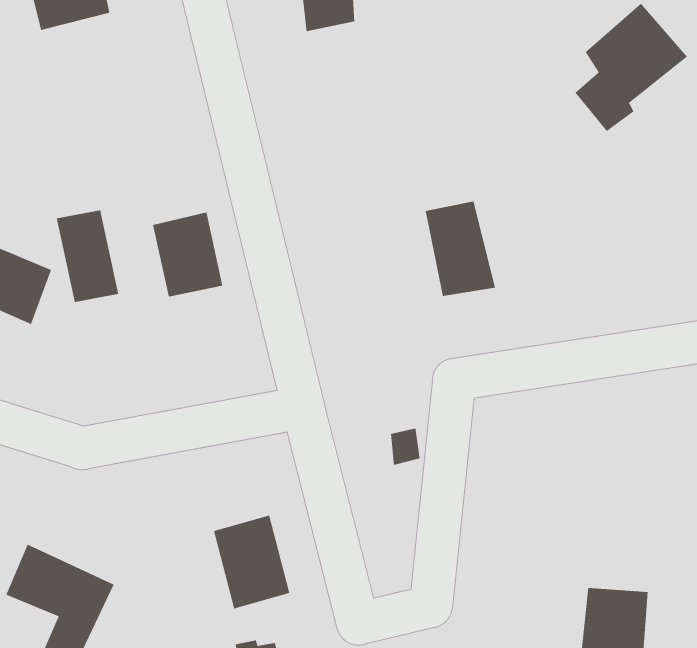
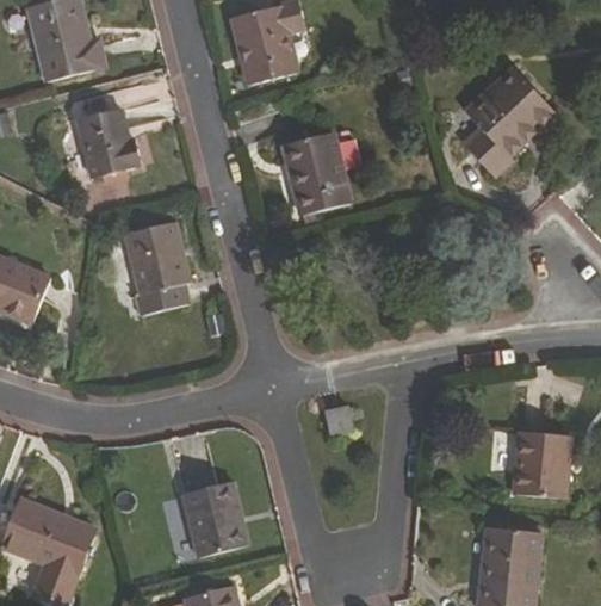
building: none -> [76,107,138,179]
building: [425,201,496,297] -> [293,134,352,212]
building: [56,210,119,303] -> none
building: none -> [513,439,569,505]

